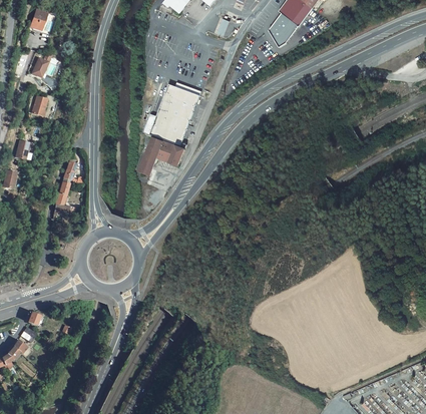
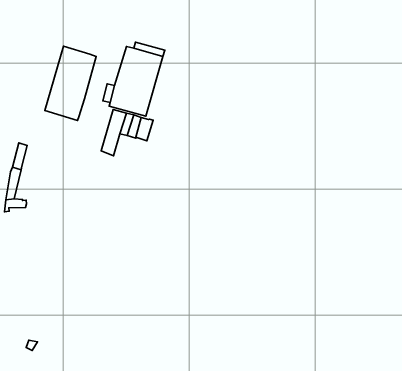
building: none -> [45,46,96,121]

